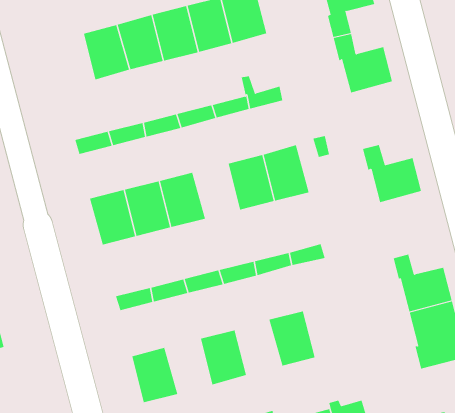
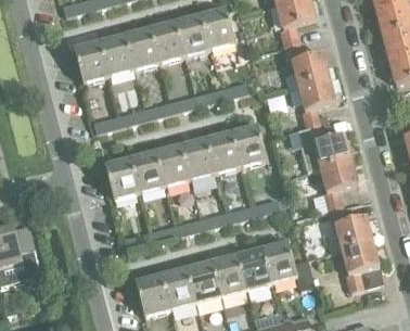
building: none -> [74,41,108,82]
building: none -> [298,77,337,127]
building: none -> [181,138,216,179]
building: none -> [313,158,358,212]
building: none -> [264,241,313,289]
building: none -> [213,254,247,295]
building: none -> [161,268,195,309]

